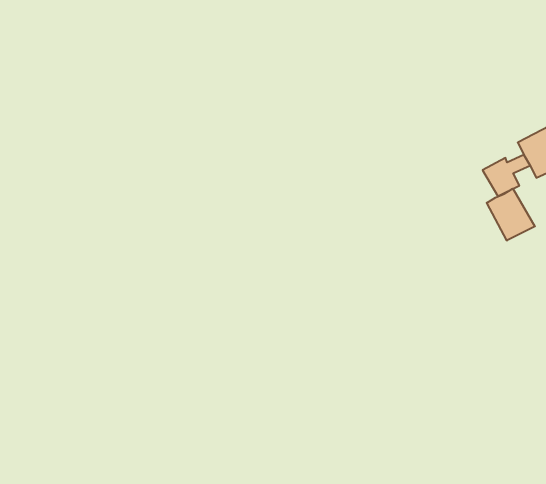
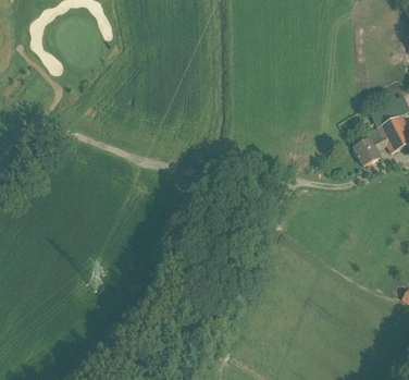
building: [487,189,535,241] -> none

